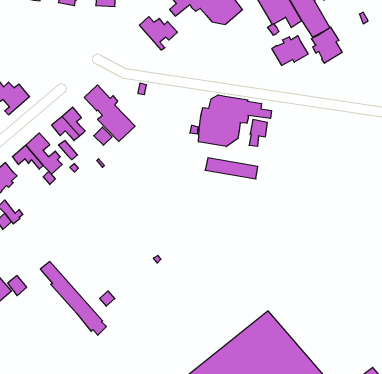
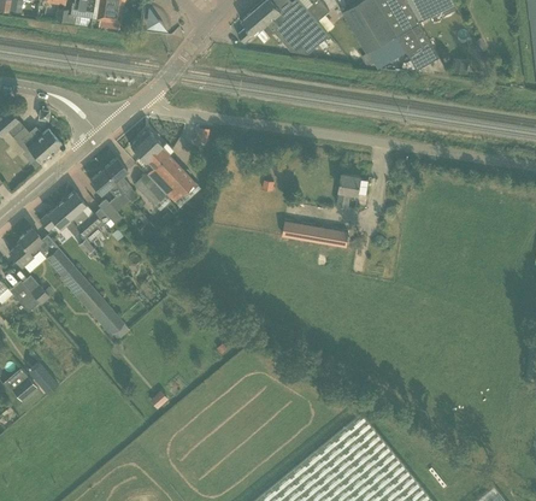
building: [139,17,177,50] -> none
building: [312,27,342,63] -> none
building: [272,36,308,65] -> none
building: [199,95,272,147] -> none
building: [40,262,106,335] -> [46,248,129,341]

